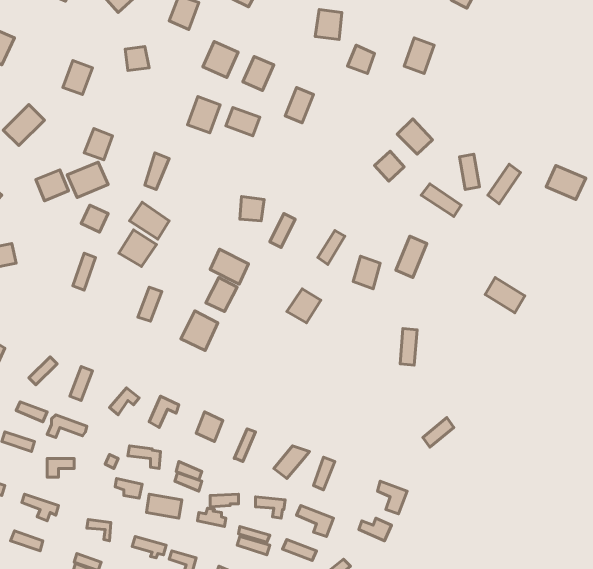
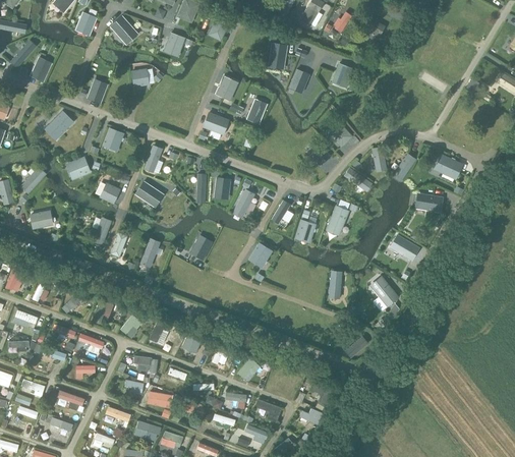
building: [203,41,238,78] -> none
building: [188,97,220,133] -> none
building: [67,162,108,197] -> none
building: none -> [415,192,444,212]
building: [119,230,156,267] -> none
building: [210,249,249,284] -> none
building: [181,311,218,350] -> none
building: none -> [369,276,398,311]

